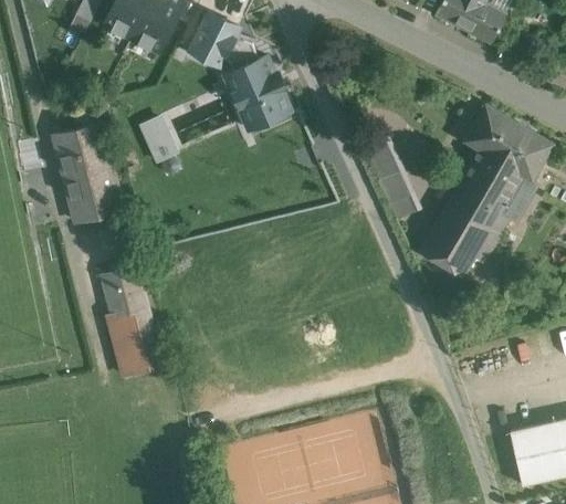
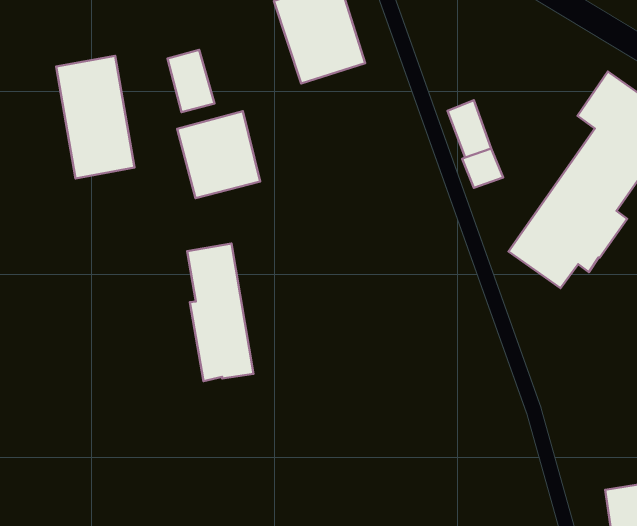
building: none -> [177,111,260,198]
building: [102,266,161,376] -> [187,243,254,381]

